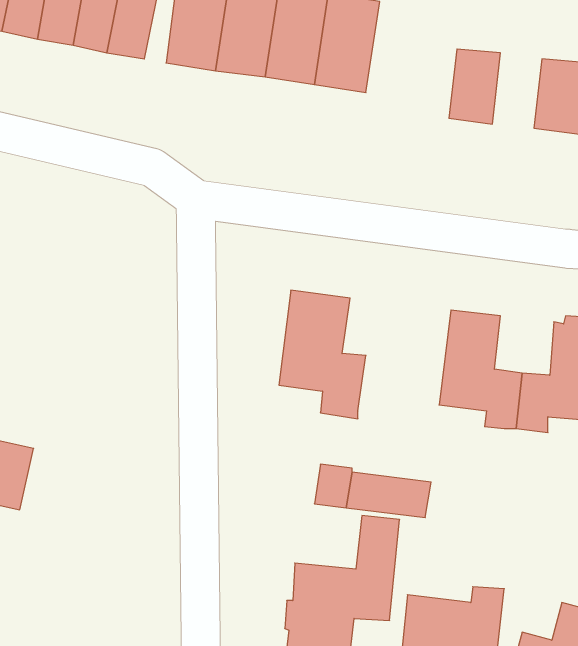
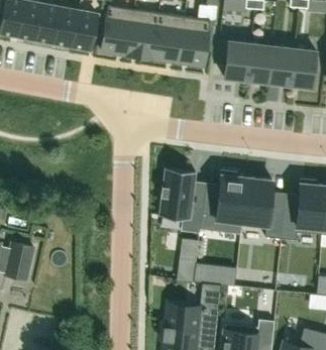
building: none -> [224,41,250,80]
building: none -> [268,46,294,85]
building: none -> [200,170,247,234]

